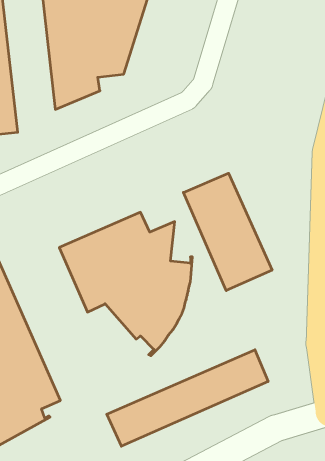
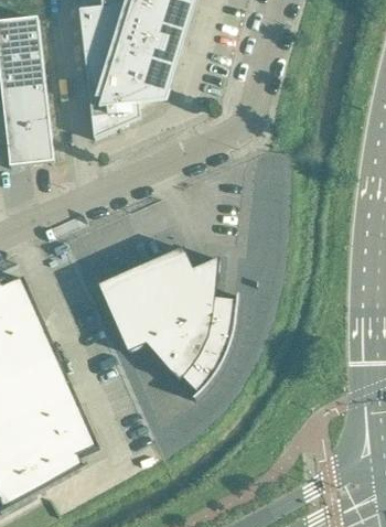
building: [183,173,272,291] -> none
building: [107,350,268,446] -> none

